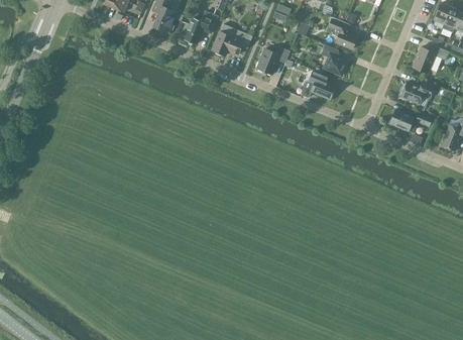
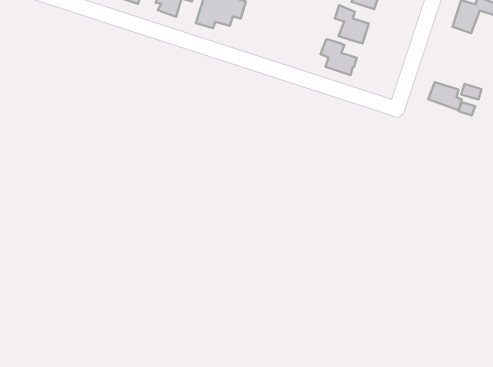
building: [257,45,291,74] -> none
building: [401,80,436,104] -> none

